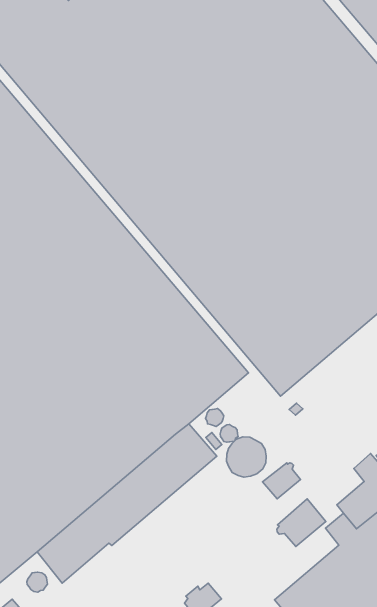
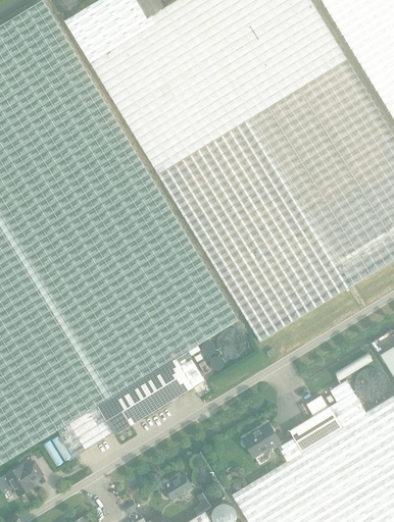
building: [226,437,266,477] -> [218,329,249,360]
building: [263,463,300,499] -> none

